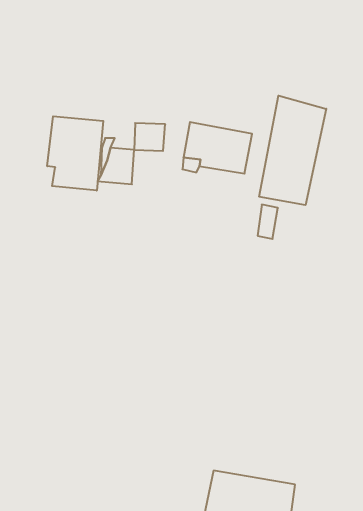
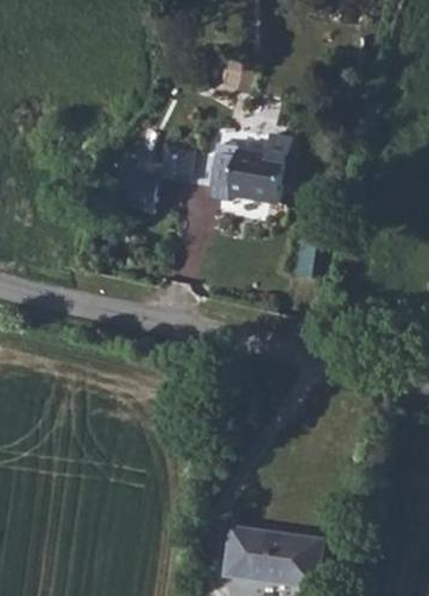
building: [259,96,326,205] -> none
building: [47,116,103,191] -> none

